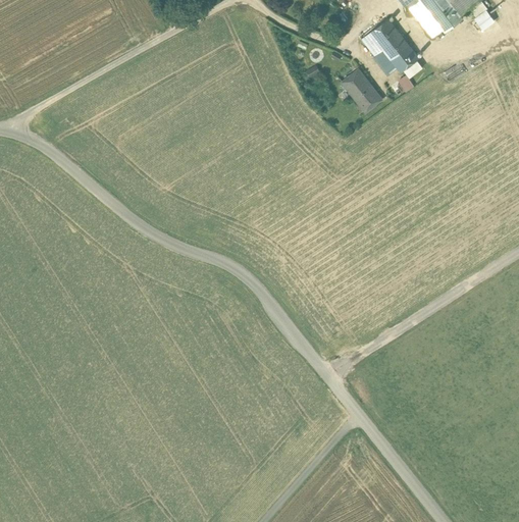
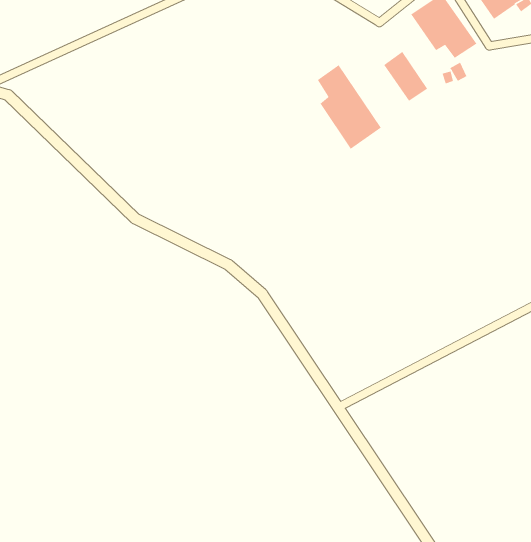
building: none -> [317,64,382,150]

